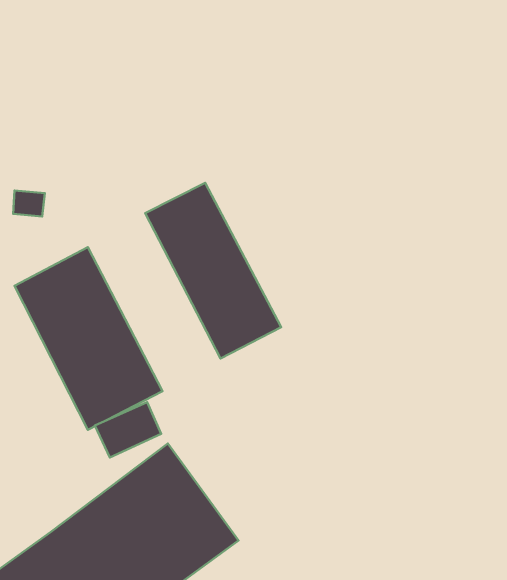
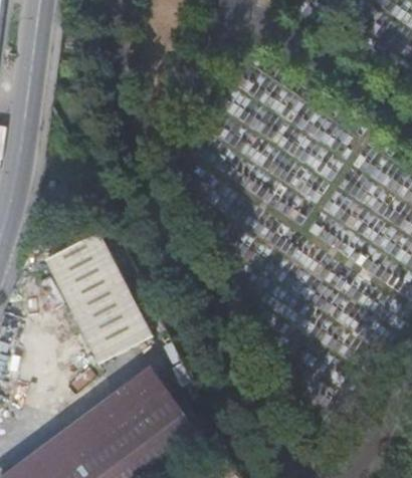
building: [145,183,281,359] -> none

